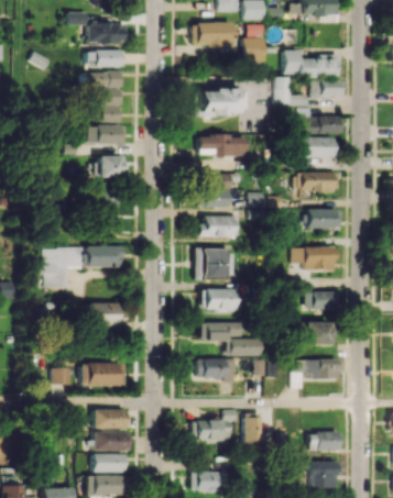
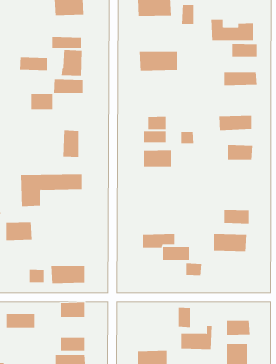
building: [85,49,121,67] -> [19,57,48,71]
building: [275,77,308,106] -> none
building: [198,135,247,156] -> none
building: [302,136,334,157] -> none
building: [97,156,125,177] -> [31,94,53,110]
building: [288,247,332,270] -> none
building: [193,248,233,279] -> none
building: [199,289,234,310] -> none
building: [91,302,125,327] -> [6,222,32,241]
building: [195,358,233,378] -> none
building: [288,359,336,388] -> none
building: [192,410,232,441] -> [180,326,212,350]
building: [94,432,131,451] -> [6,313,35,328]

